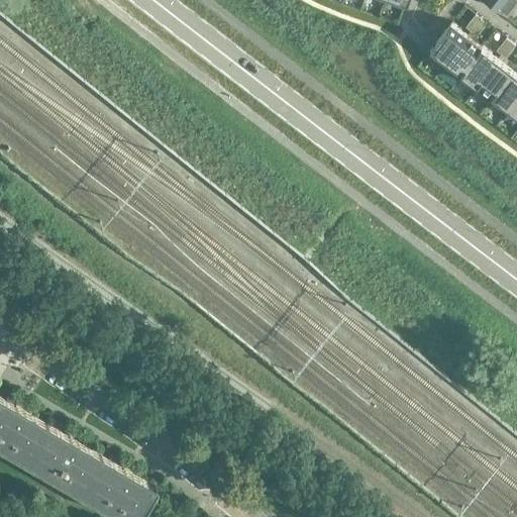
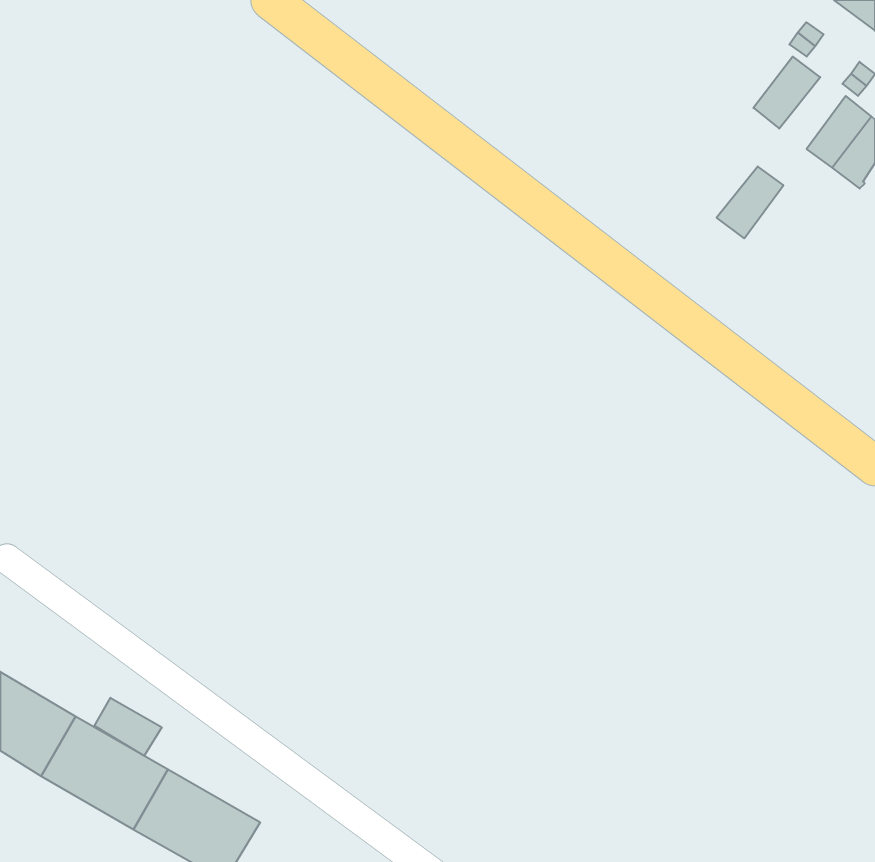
building: [428,29,468,72] -> none
building: [459,54,499,96] -> [717,166,783,238]
building: none -> [94,698,162,756]

